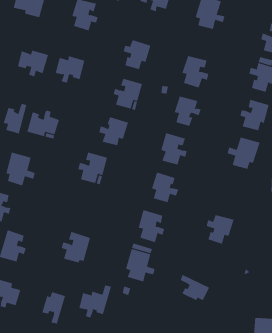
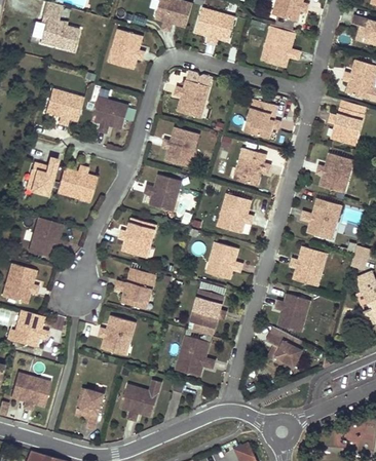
building: none -> [291,245,328,284]
building: none -> [115,267,156,307]
building: [180,274,210,301] -> [266,333,303,366]

